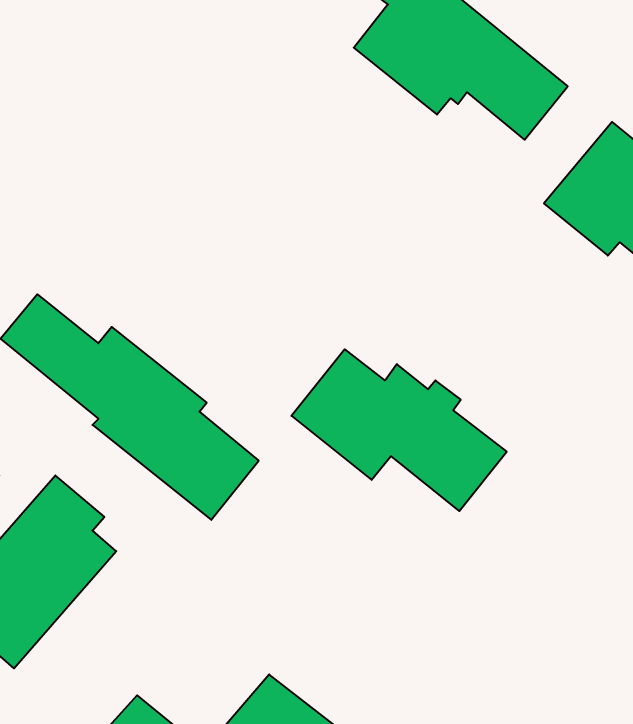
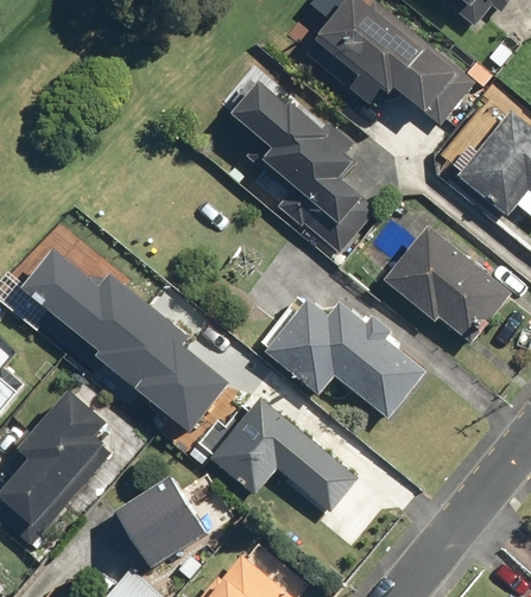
building: none -> [227,78,377,259]
building: none -> [381,227,513,345]
building: none -> [208,398,356,509]
building: none -> [115,475,204,565]

